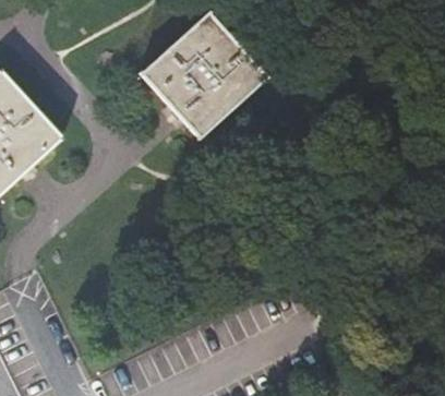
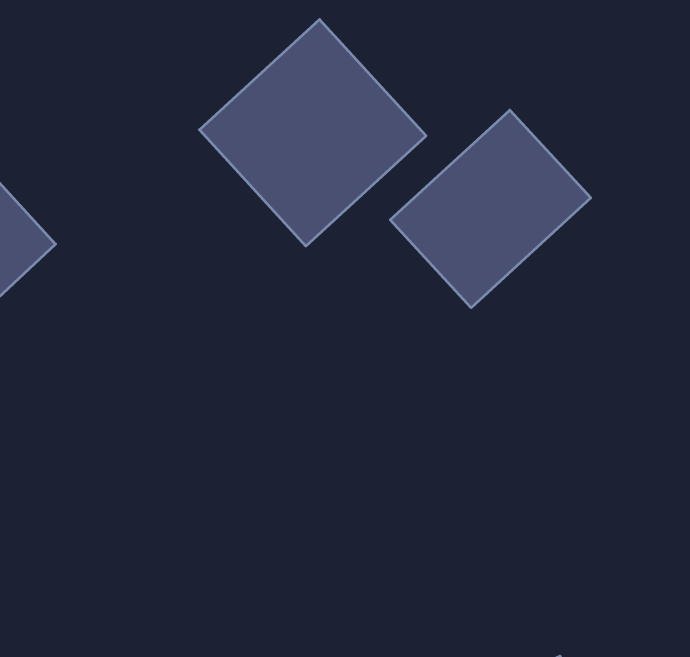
building: none -> [390,110,591,308]

